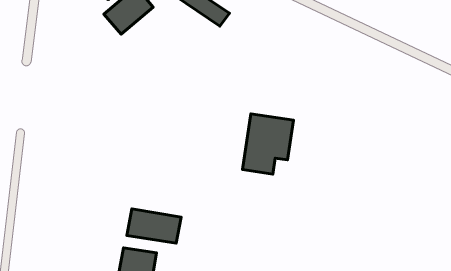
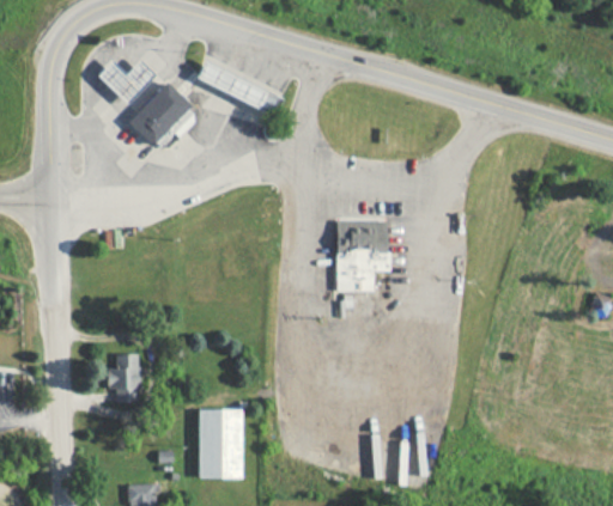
building: none -> [109,356,139,394]
building: [127,209,181,243] -> none

